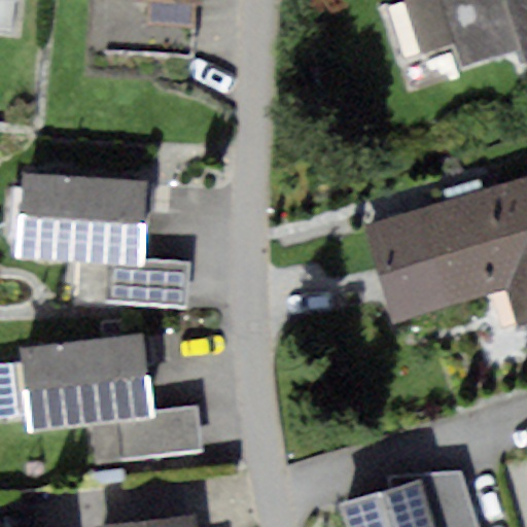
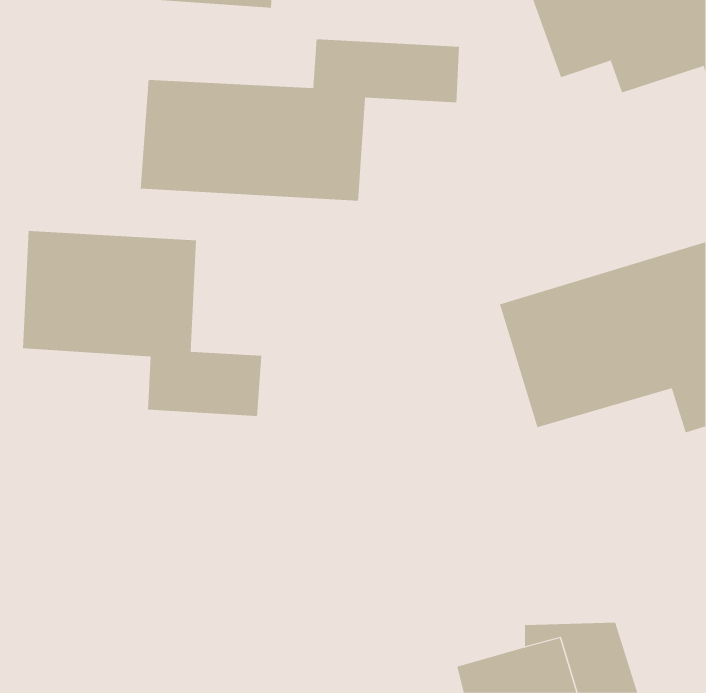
building: none -> [140,38,459,202]
building: [16,332,203,460] -> none

